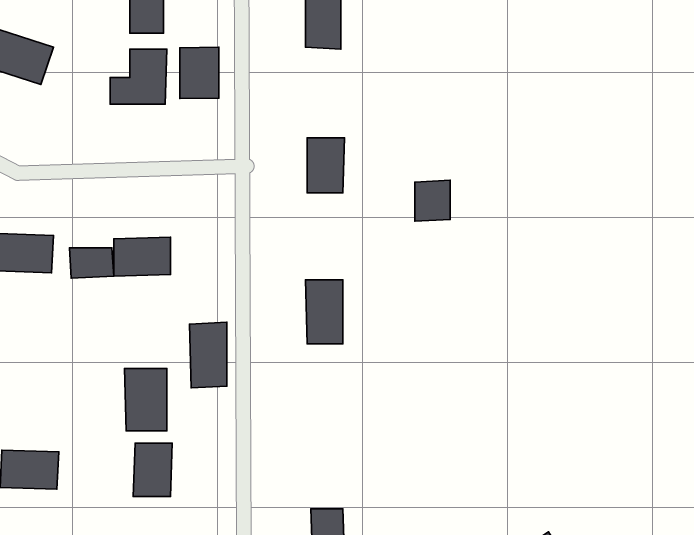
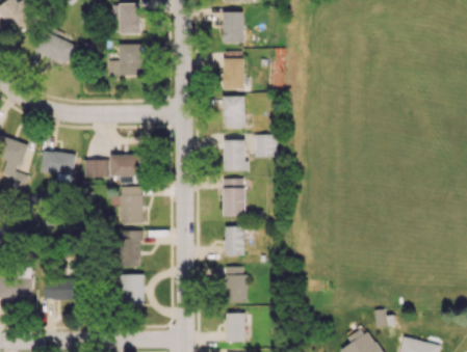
building: [180,47,219,99] -> none
building: none -> [223,58,244,89]
building: [415,180,450,221] -> [255,134,276,158]
building: none -> [224,140,247,171]
building: [189,322,227,388] -> [121,186,142,224]
building: none -> [225,226,244,255]
building: none -> [225,266,245,302]

